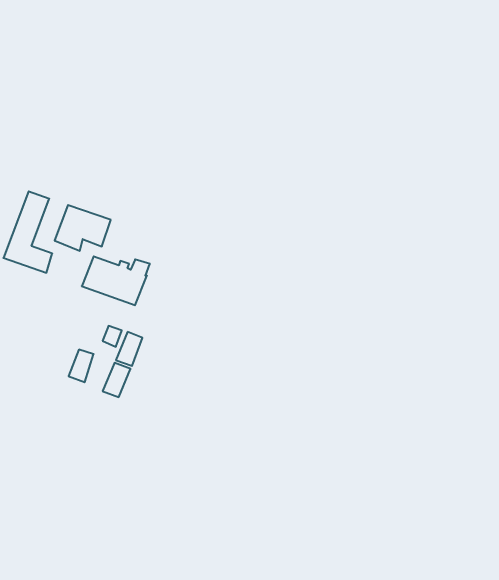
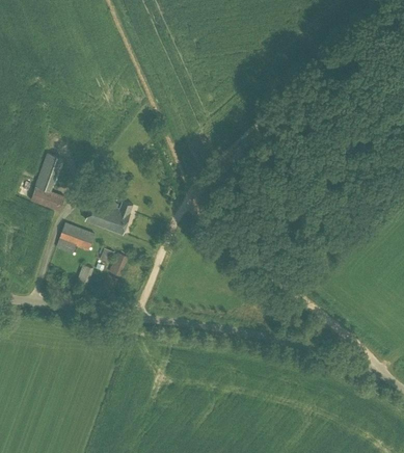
building: [55,205,111,251] -> [55,221,95,254]

